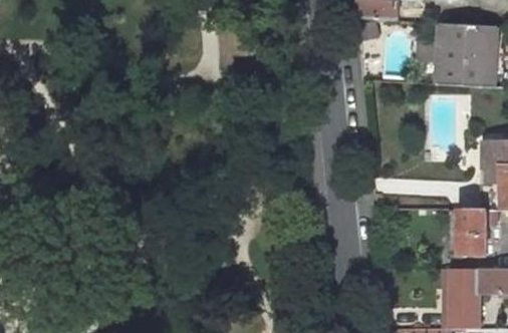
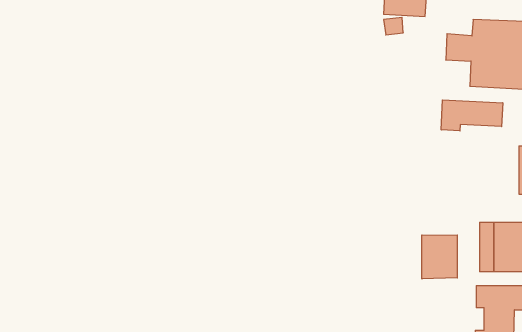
building: none -> [441,100,503,131]
building: none -> [422,235,457,279]

